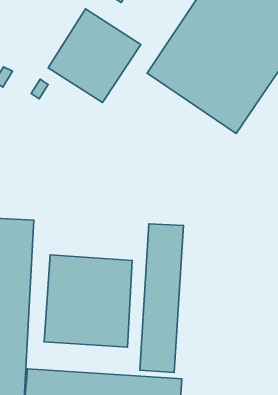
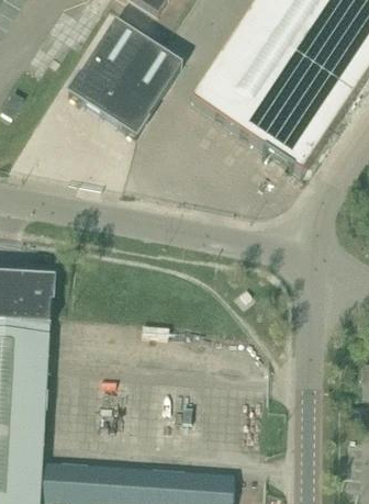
building: [140,224,183,372] -> none
building: [44,255,132,347] -> none

